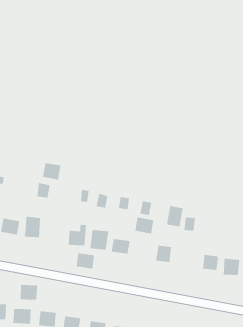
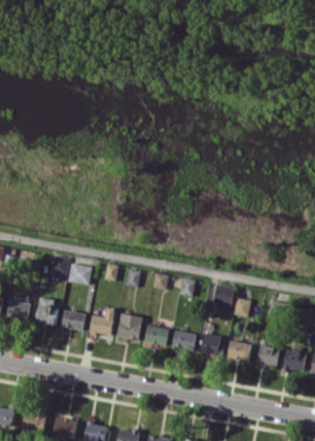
building: [42,163,61,180] -> [68,264,92,285]
building: [134,217,154,234] -> [172,330,197,351]
building: none -> [227,341,251,361]
building: [76,253,95,269] -> [62,310,85,331]
building: [20,284,38,300] -> none

